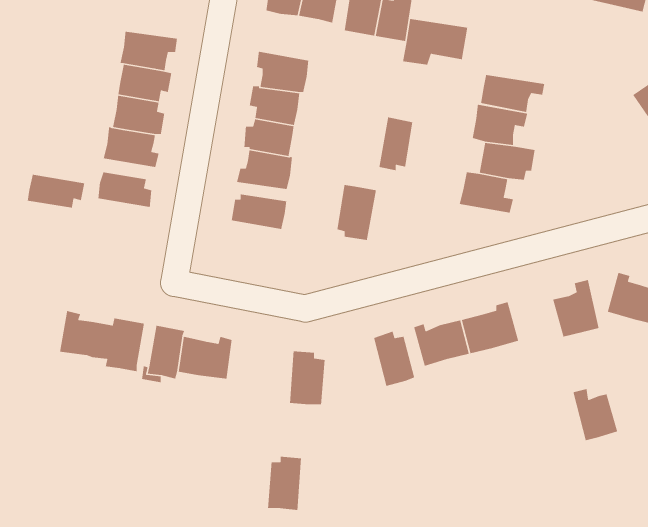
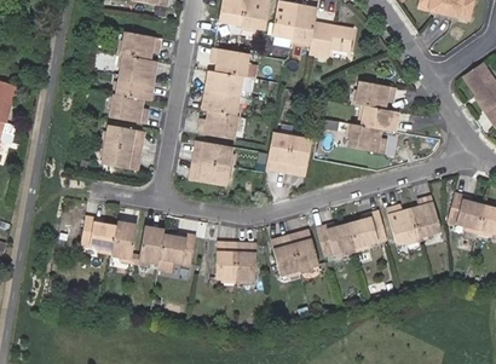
building: [480,74,545,113] -> none
building: [378,116,413,171] -> [286,138,308,174]
building: [27,174,85,208] -> [103,144,142,167]
building: none -> [192,158,229,184]
building: none -> [270,236,298,273]
building: [573,388,618,441] -> [385,207,415,242]
building: [267,456,302,511] -> [213,243,236,279]

